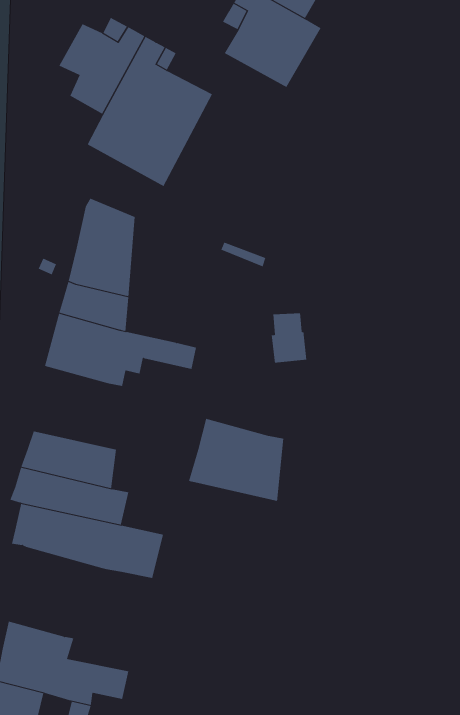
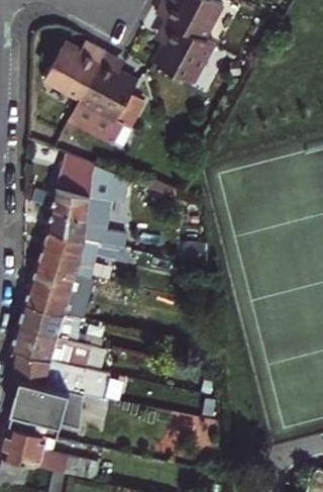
building: none -> [88,167,126,248]
building: [188,418,284,502] -> [24,263,86,316]
building: none -> [12,379,85,436]

